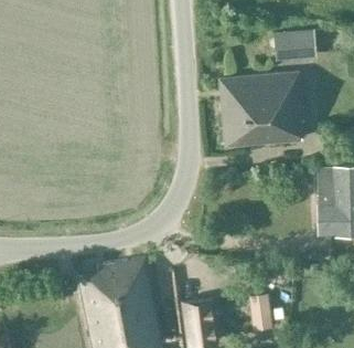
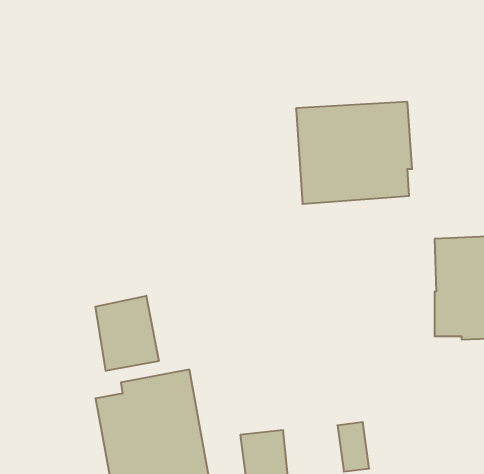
building: [272,30,315,62] -> none
building: none -> [95,296,159,371]

